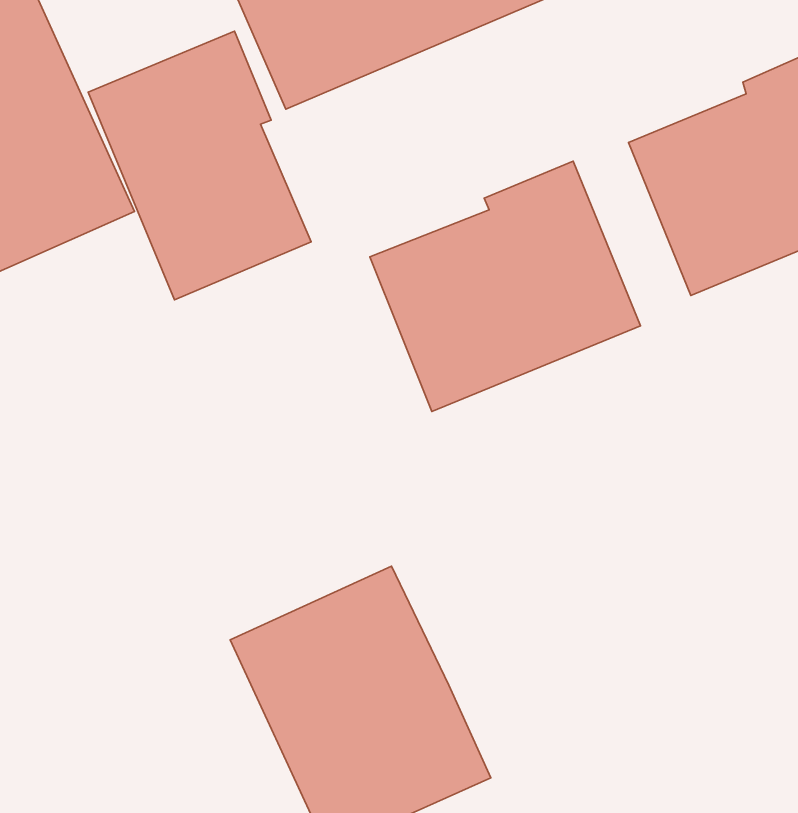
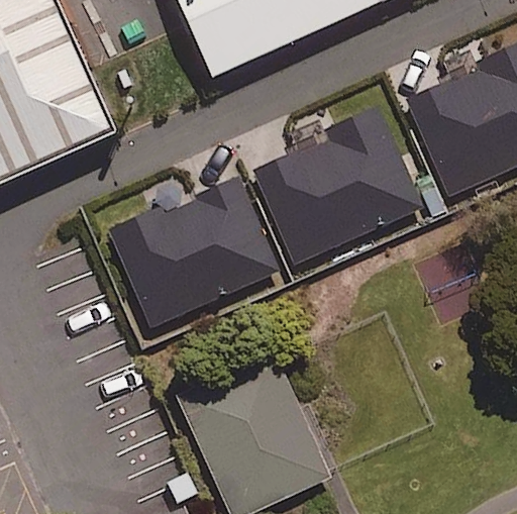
building: [88,31,311,300] -> none
building: none -> [111,181,277,324]

